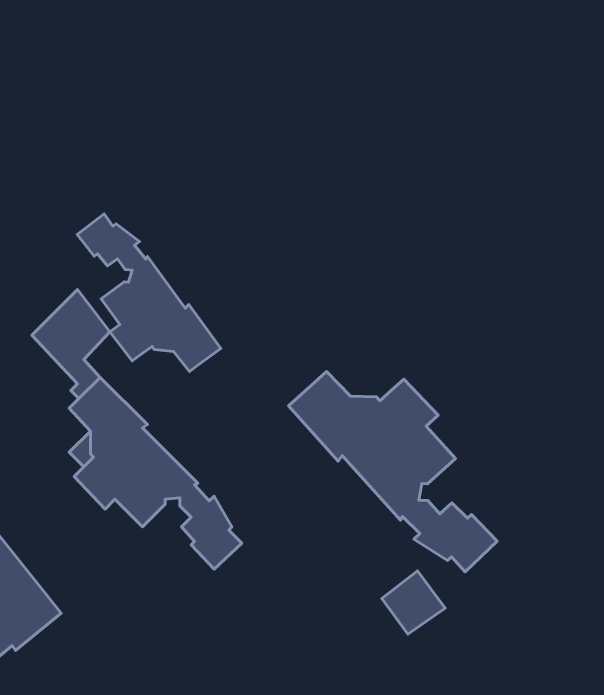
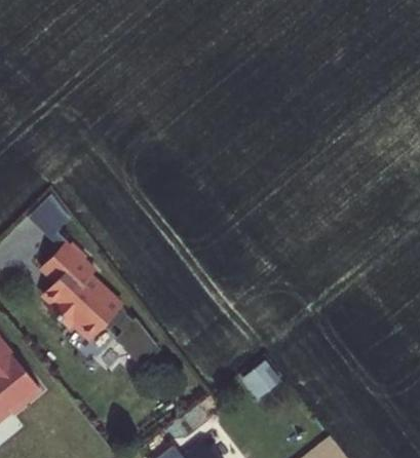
building: [77,214,221,372] -> none
building: [288,372,497,572] -> none

